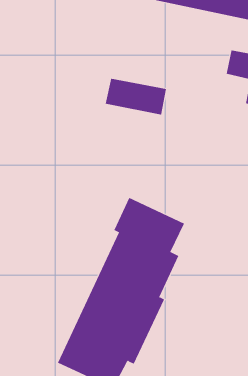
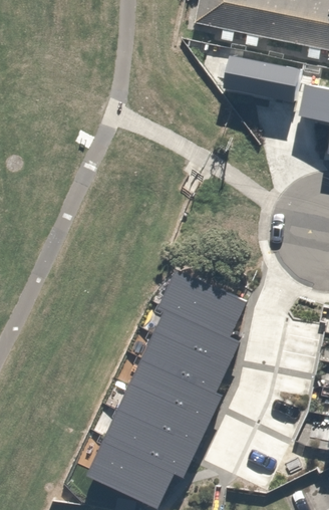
building: [105,78,167,115] -> [223,56,300,102]

